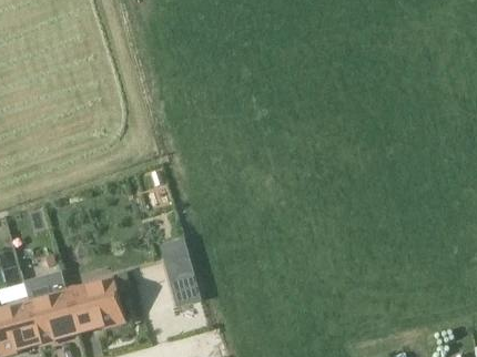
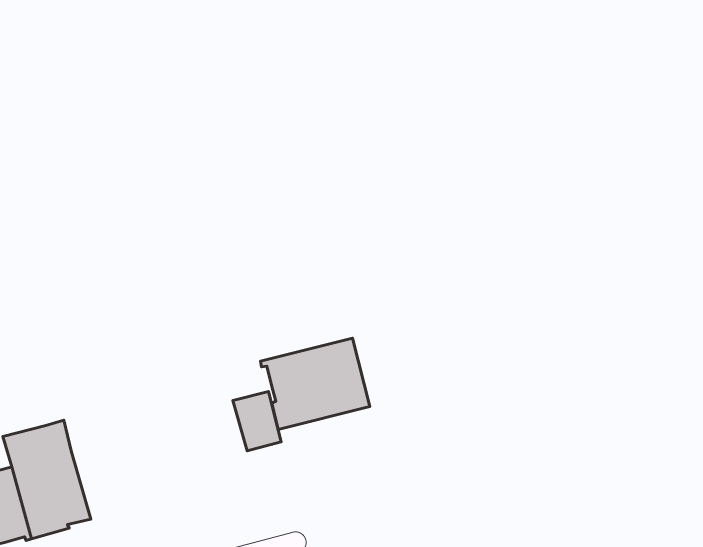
building: none -> [261,338,370,429]
building: [67,276,124,330] -> none

